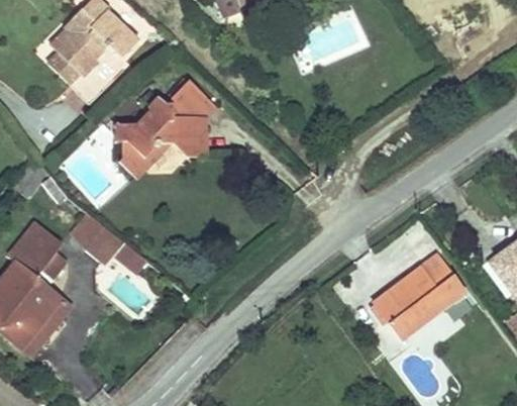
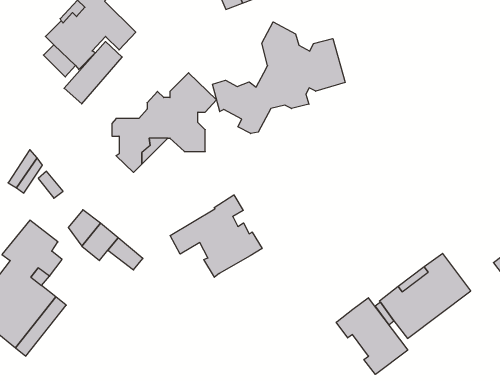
building: none -> [212,22,345,134]
building: none -> [170,195,262,277]
building: none -> [336,298,408,374]

